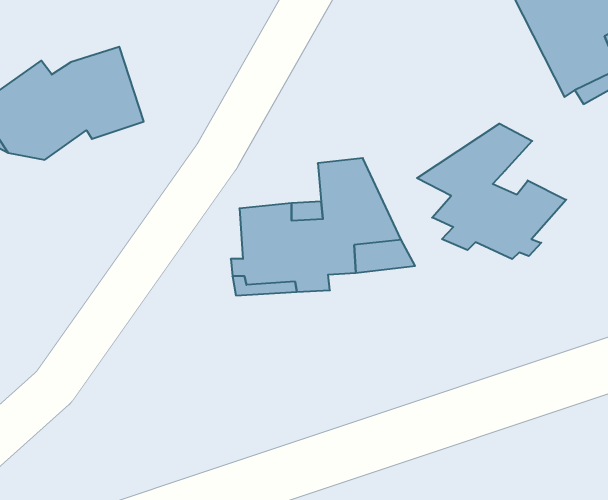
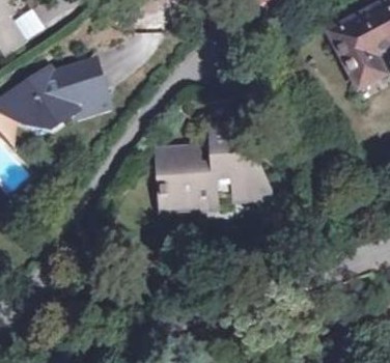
building: [417,124,566,259] -> none

